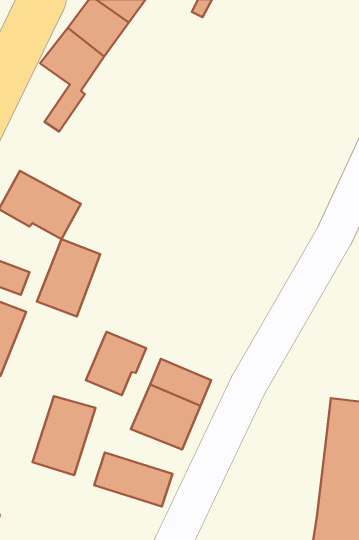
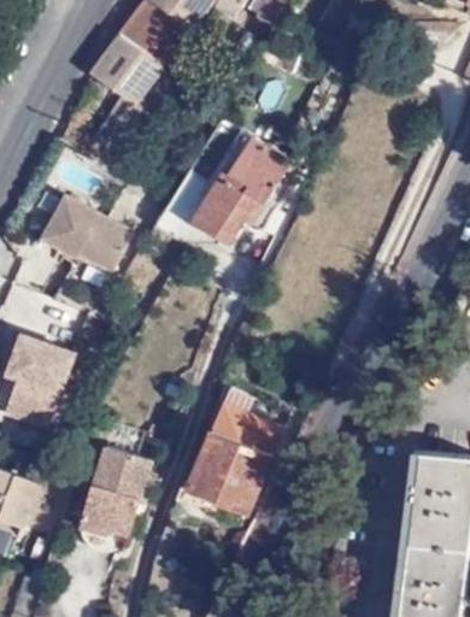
building: none -> [194,133,290,239]
building: [37,239,100,316] -> none
building: [86,332,146,395] -> none
building: [94,452,172,507] -> none

